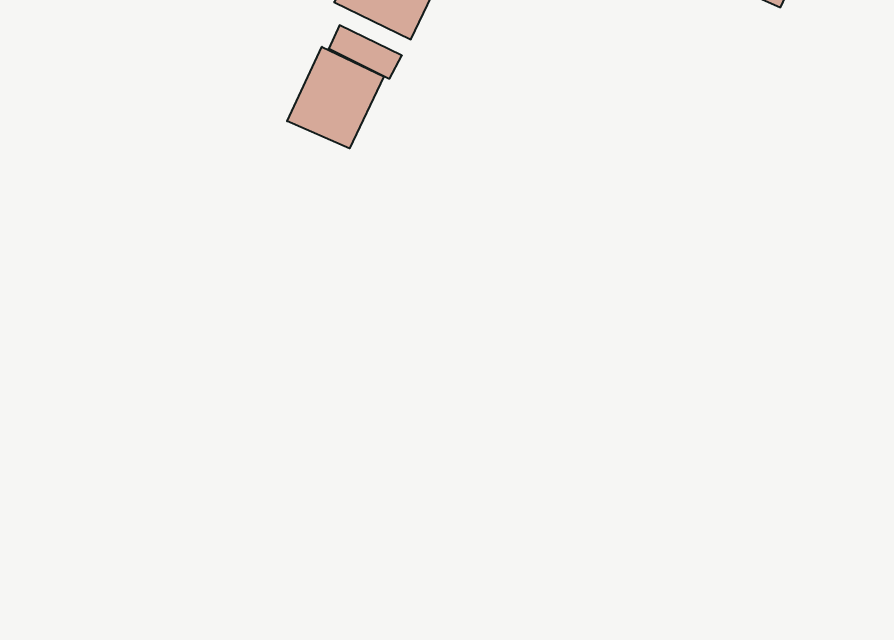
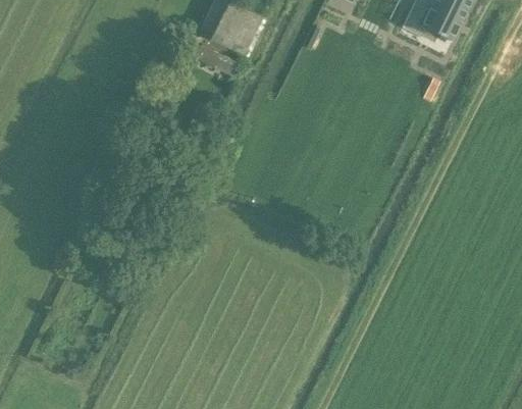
building: [287,47,384,148] -> none

